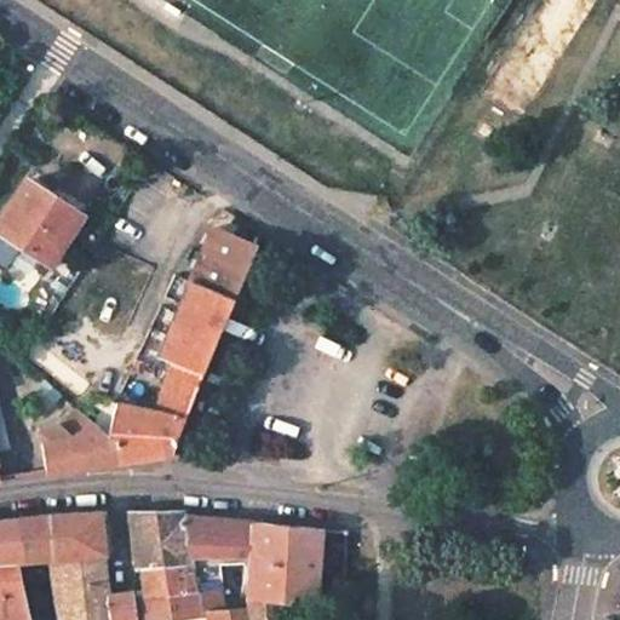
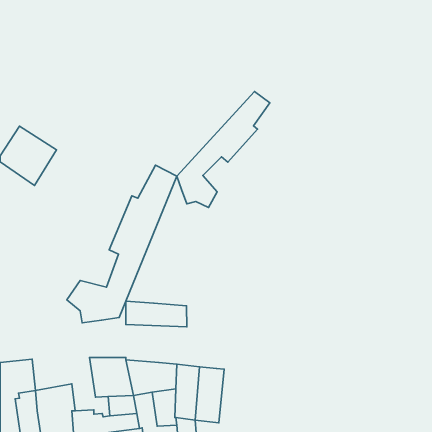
building: none -> [177,92,270,207]
building: [41,417,117,473] -> none
building: none -> [126,301,187,327]
building: [46,512,103,559] -> none

